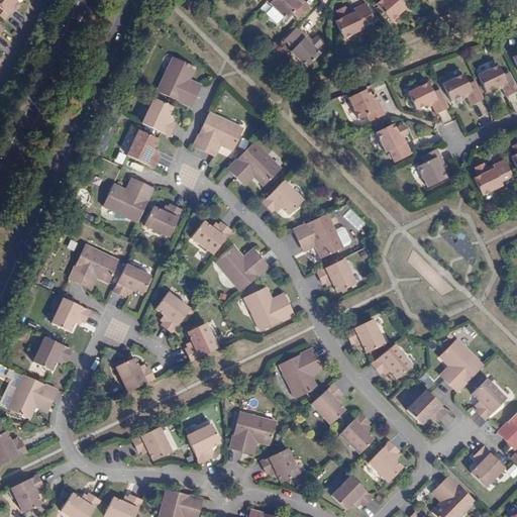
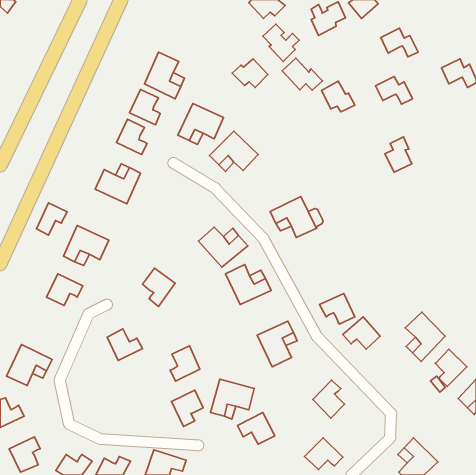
building: none -> [282,58,322,90]
building: none -> [232,59,268,87]
building: [442,73,483,104] -> [381,28,418,57]
building: [375,122,411,162] -> none
building: [474,158,512,195] -> none
building: [262,180,303,215] -> none
building: [143,204,182,236] -> none
building: none -> [36,203,67,235]
building: [191,221,230,254] -> none
building: [316,258,354,292] -> none
building: [113,264,150,297] -> none
building: [185,322,217,360] -> [170,346,200,381]
building: [32,336,72,371] -> none
building: [311,384,344,424] -> none
building: [406,390,447,424] -> none
building: [132,426,171,460] -> none
building: [368,440,402,482] -> none
building: [470,445,505,488] -> none

